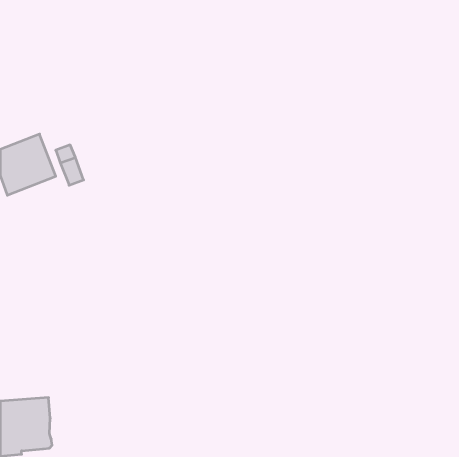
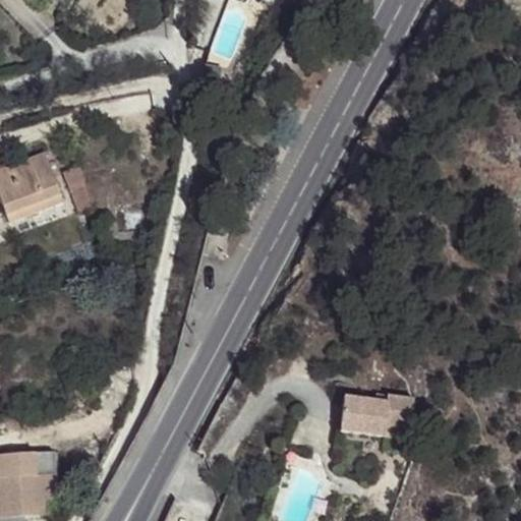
building: none -> [340,394,413,438]

